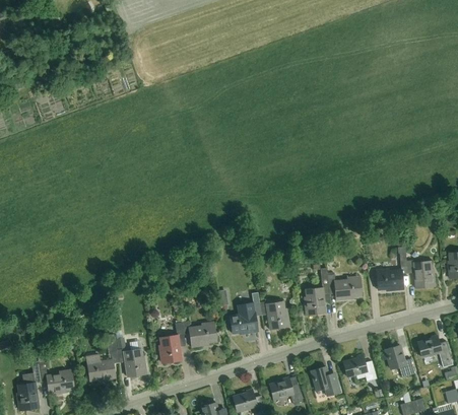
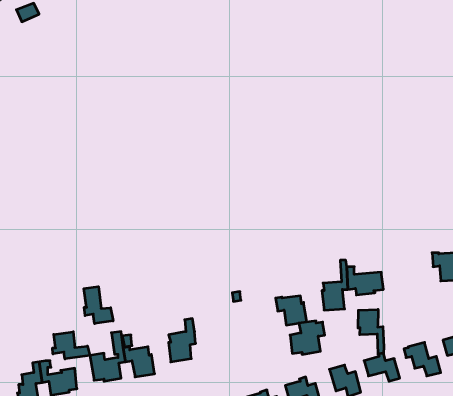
building: [376,261,408,290] -> none
building: none -> [84,287,113,324]
building: [230,302,262,334] -> [290,321,325,354]
building: none -> [358,309,384,354]
building: [182,322,216,347] -> none
building: none -> [53,332,90,359]

